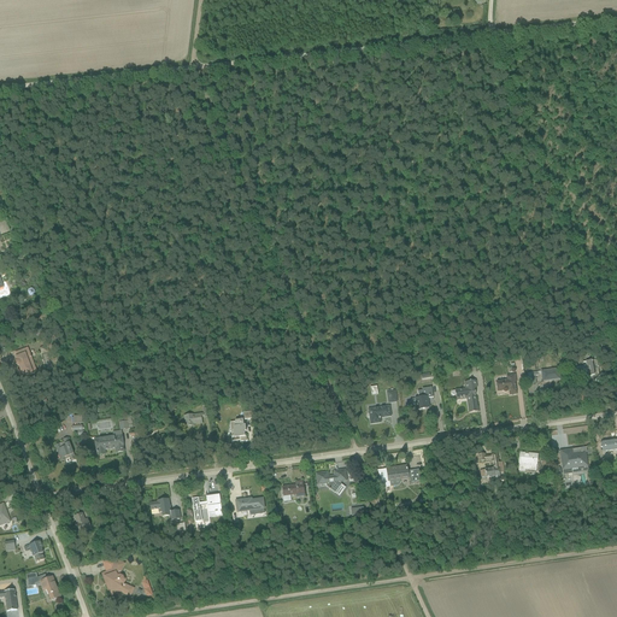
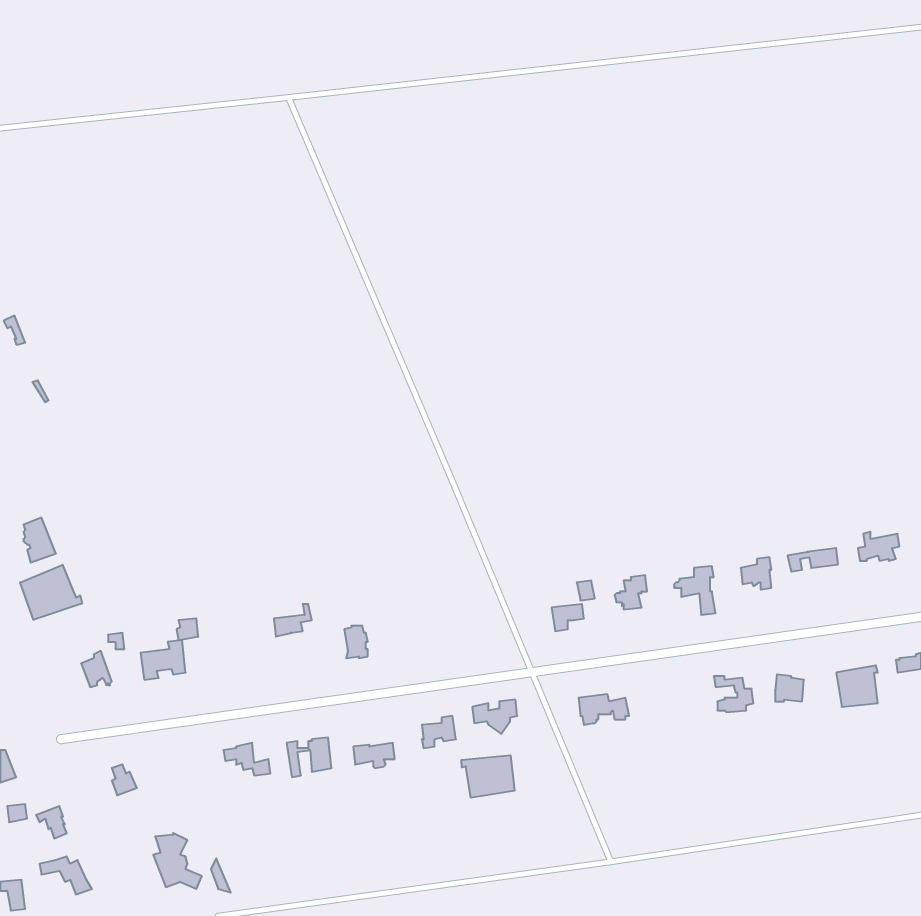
building: none -> [20,565,82,620]
building: none -> [462,755,515,798]

